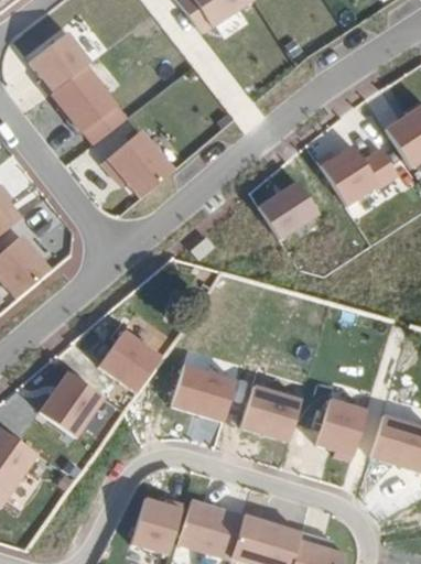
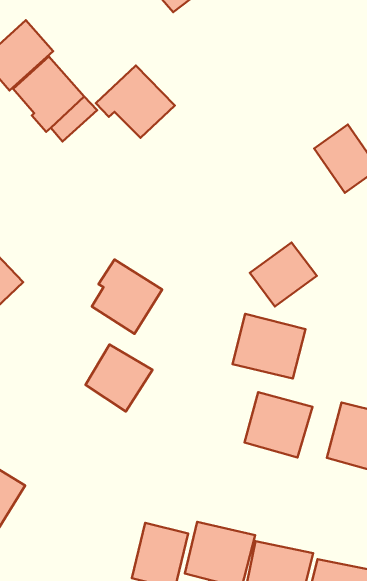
building: [101,130,173,196] -> [96,66,175,138]
building: [258,181,319,238] -> [250,242,317,306]
building: none -> [92,259,162,334]
building: [171,361,239,423] -> [233,314,306,379]
building: [39,371,102,435] -> none

